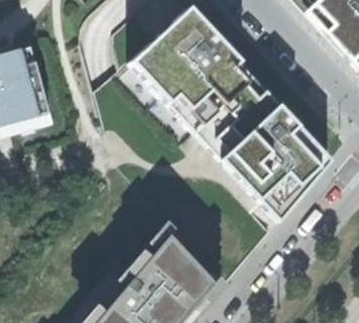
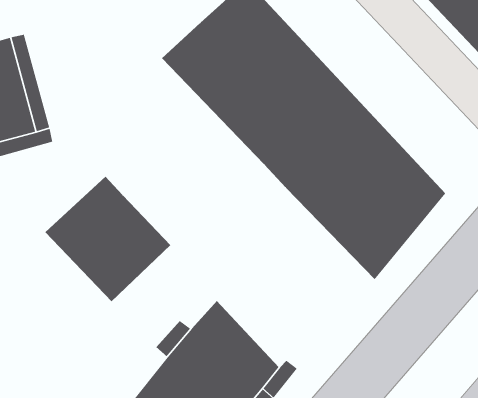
building: none -> [45,176,171,302]

